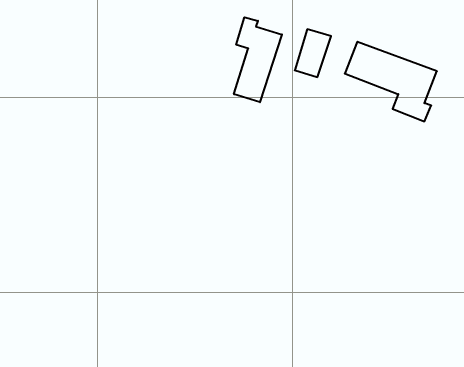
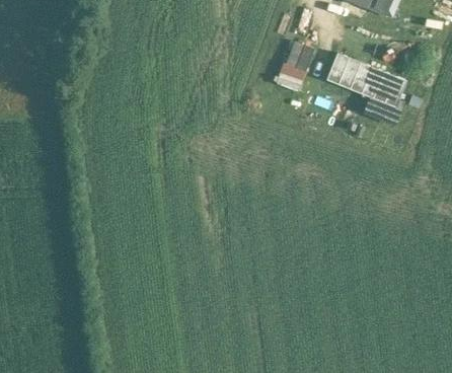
building: [234,17,282,102] -> none

